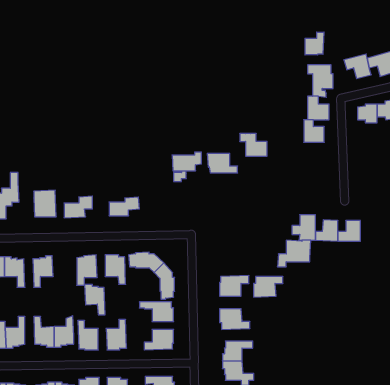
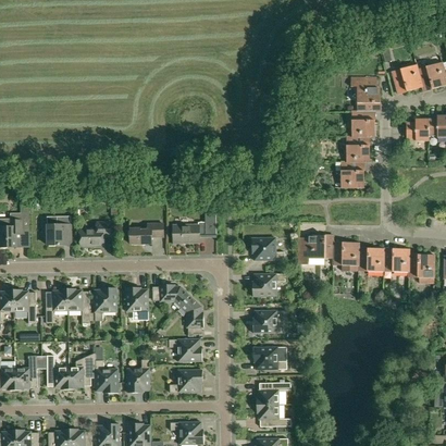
building: [305,32,324,55] -> none
building: [240,134,267,156] -> [334,162,364,187]
building: [172,152,201,171] -> [172,222,205,243]
building: [207,153,238,173] -> [250,238,284,260]
building: none -> [409,255,434,284]
building: [277,240,311,267] -> [297,235,334,264]
building: [254,277,283,297] -> [251,274,284,297]
building: [85,284,105,315] -> [66,288,89,322]

